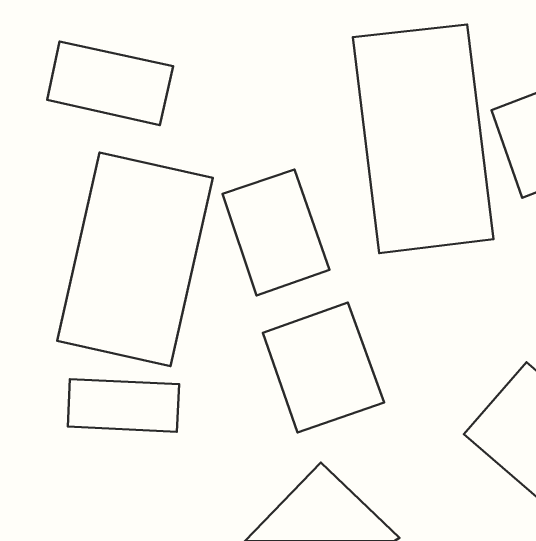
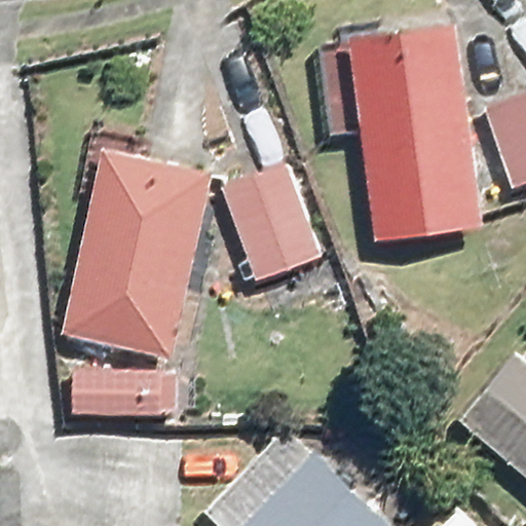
building: [47,42,173,125] -> none
building: [263,303,384,433] -> none

